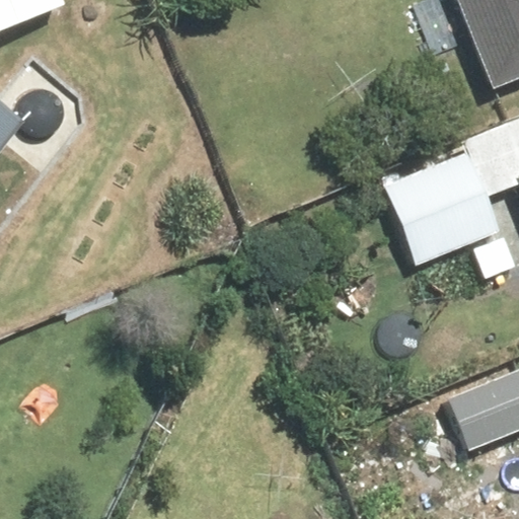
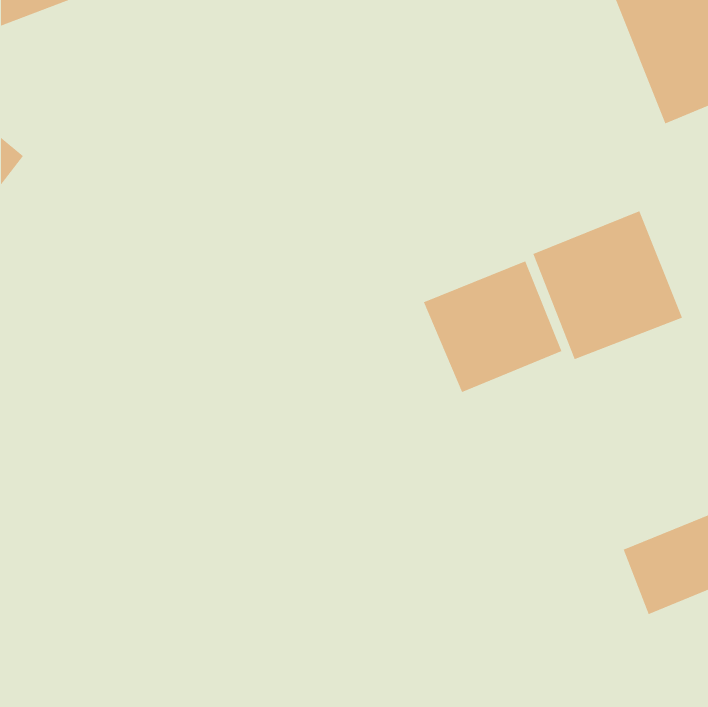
building: none -> [423,261,562,393]

